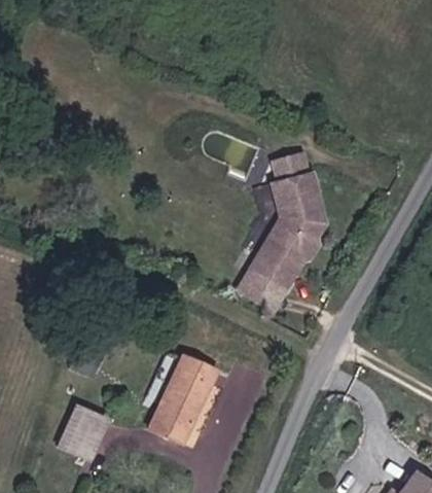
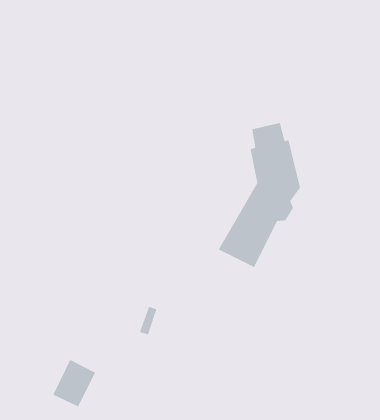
building: [148,354,217,445] -> none

